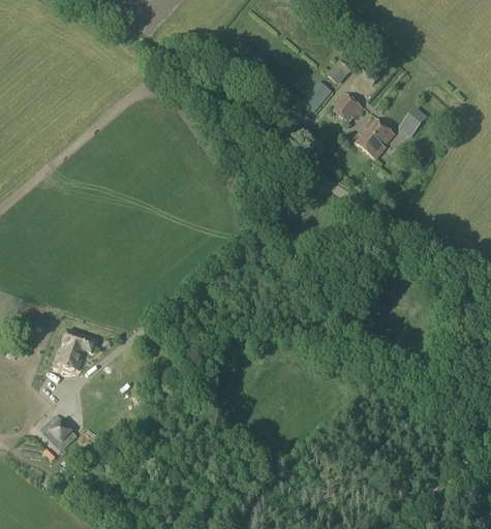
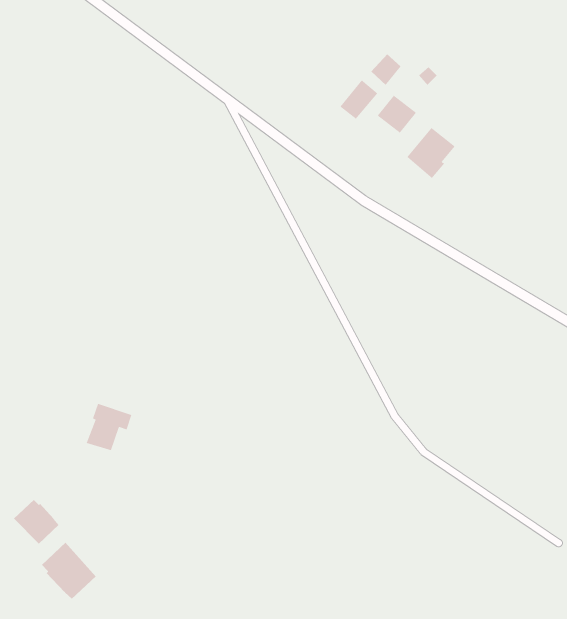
building: [399,106,427,135] -> none
building: [58,330,95,368] -> [86,403,132,451]
building: none -> [41,542,96,600]

